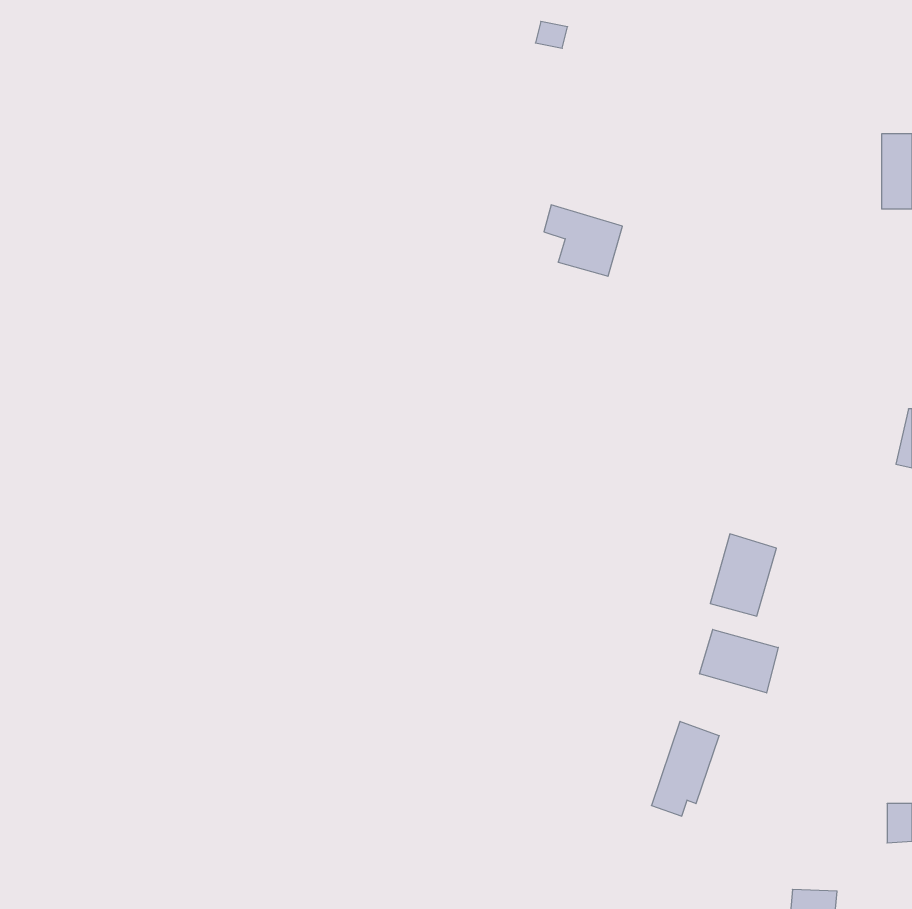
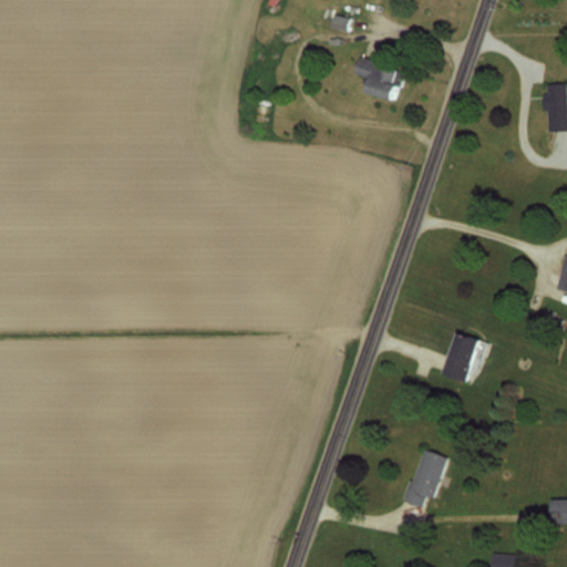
building: [544,205,622,276] -> [355,58,404,102]
building: [700,629,778,693] -> none

